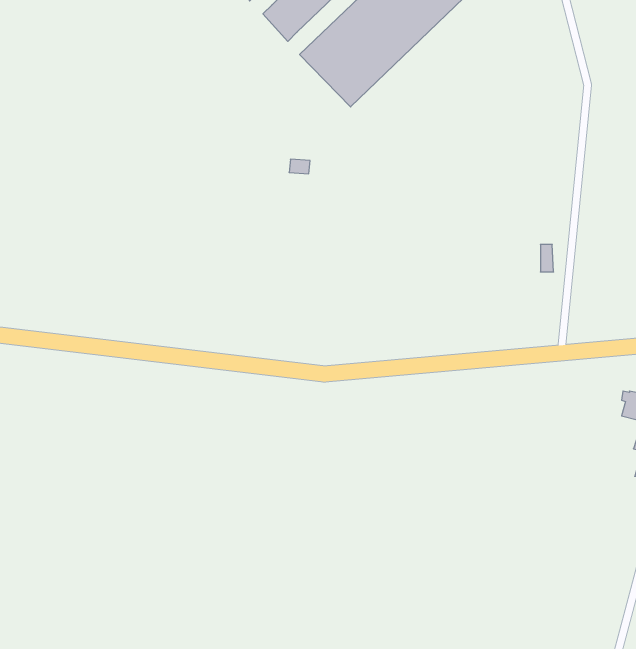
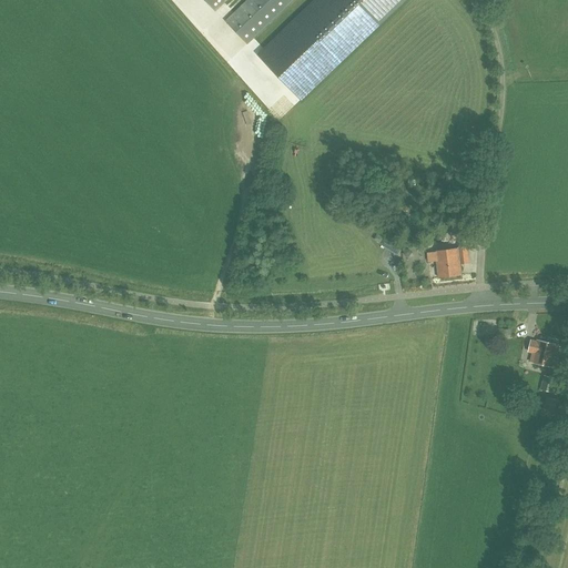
building: none -> [435,245,468,275]

